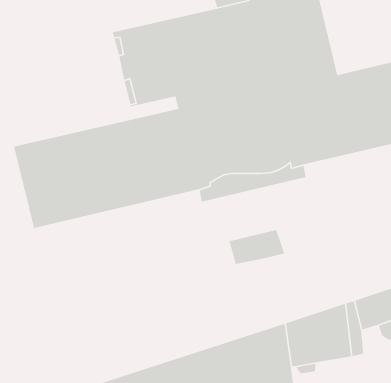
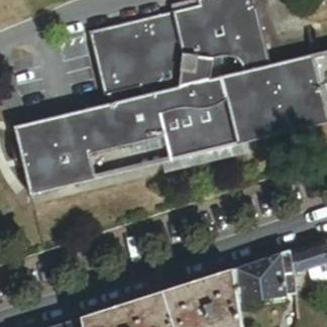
building: [228,229,285,265] -> none

